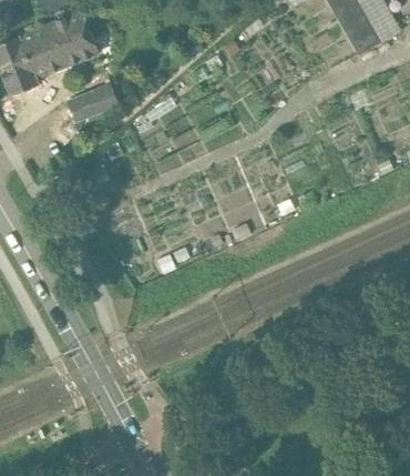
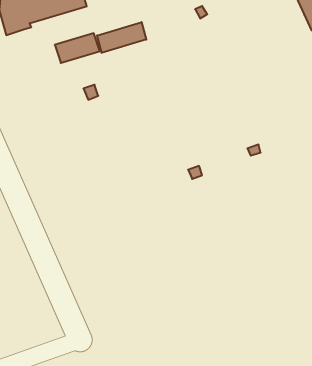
building: none -> [97,22,146,53]

